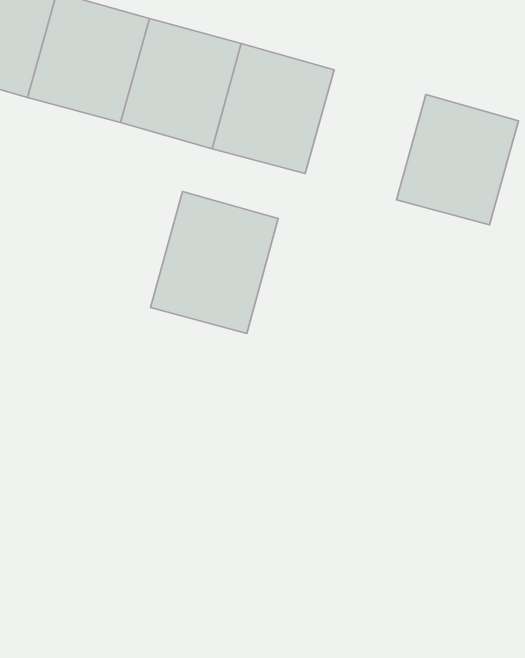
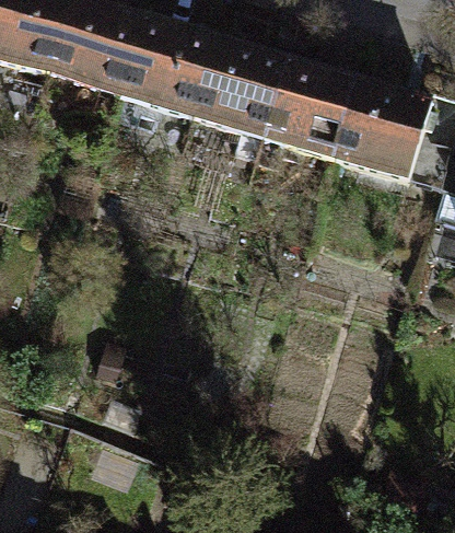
building: none -> [268,58,363,161]
building: [151,192,278,333] -> none

